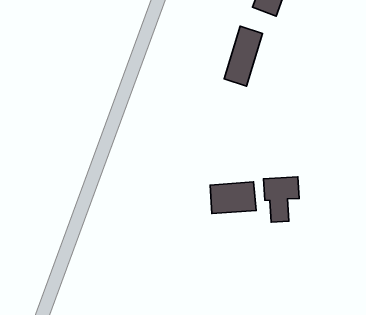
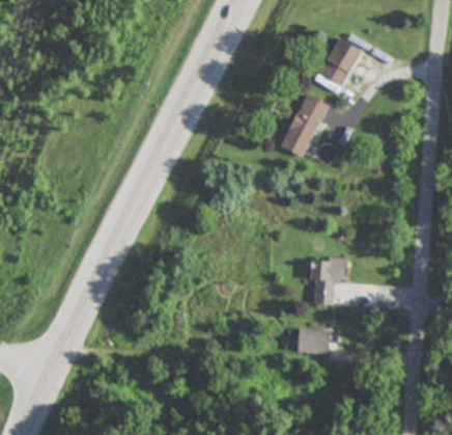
building: [210,182,256,213] -> none
building: none -> [296,328,333,353]

